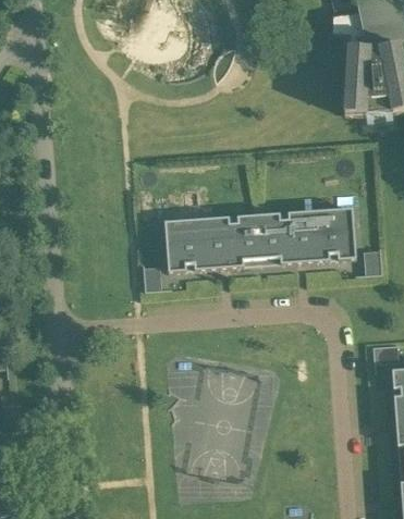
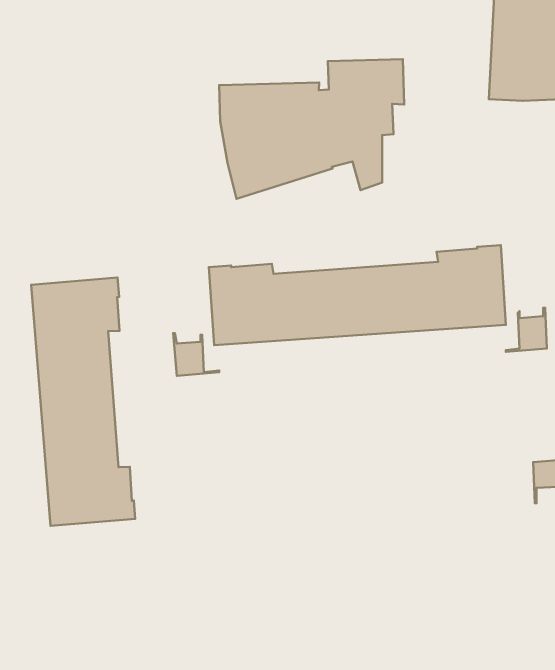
building: none -> [219,59,404,199]
building: none -> [31,277,135,526]

